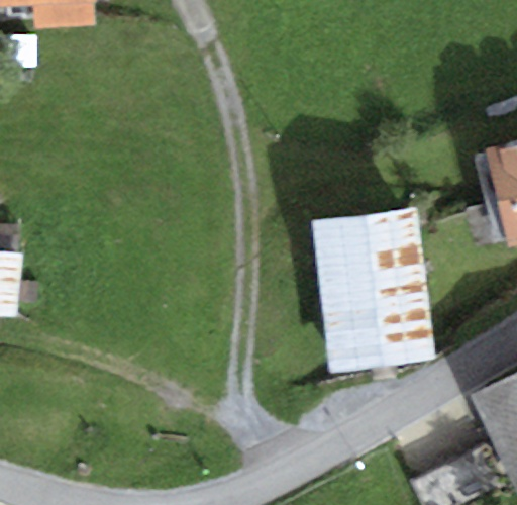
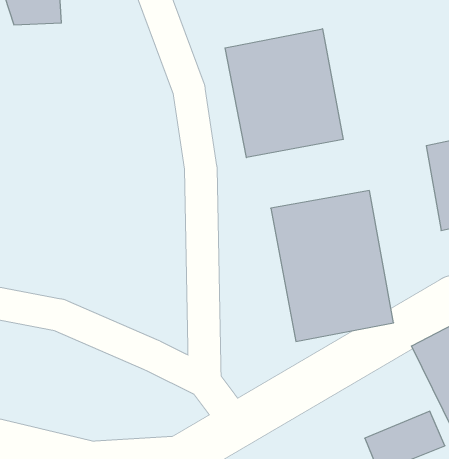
building: none -> [225,29,343,158]

